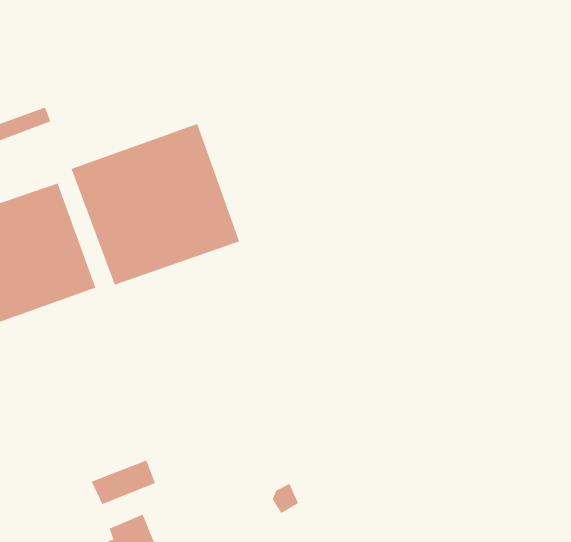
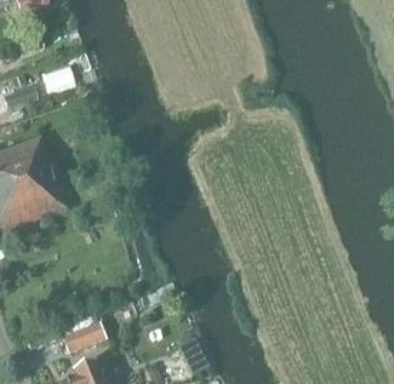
building: [71,123,240,286] -> none

